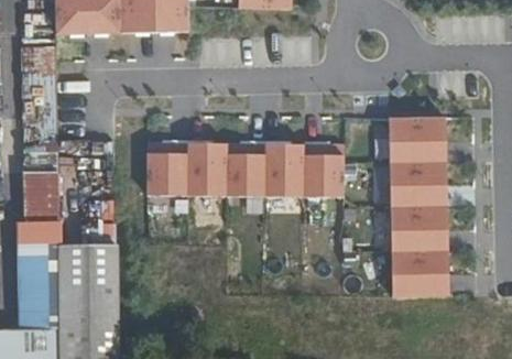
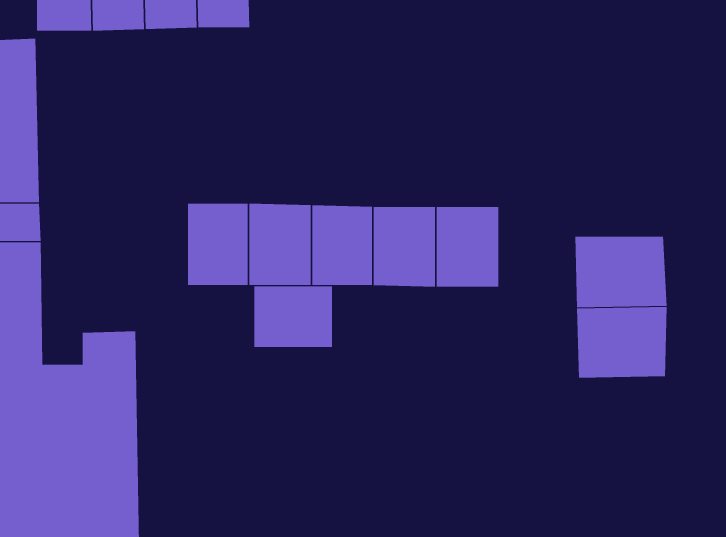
building: [389,117,446,162] -> none
building: none -> [254,285,332,348]
building: [392,250,449,295] -> none

